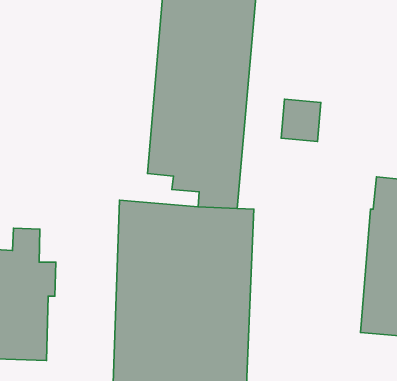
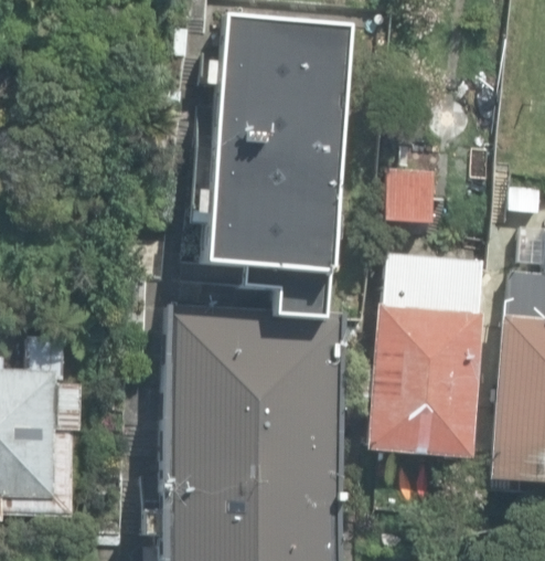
building: none -> [364,254,483,458]

